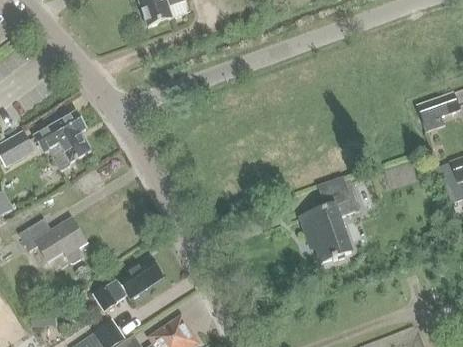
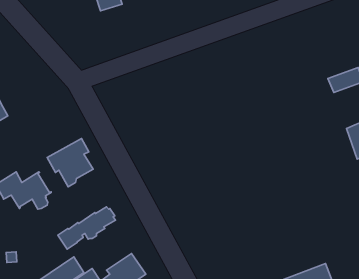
building: [35,112,90,170] -> [47,138,93,187]
building: [300,176,352,259] -> none

